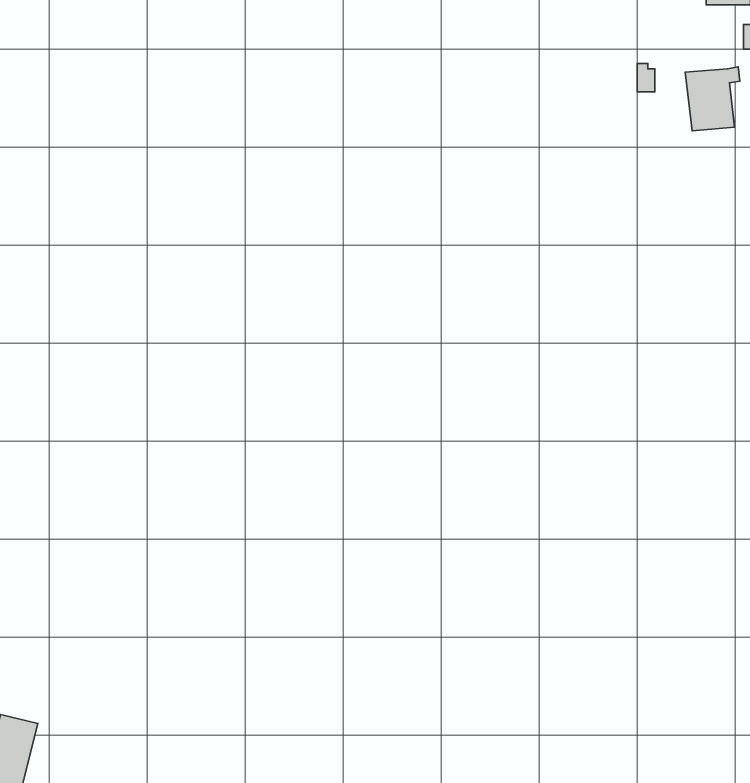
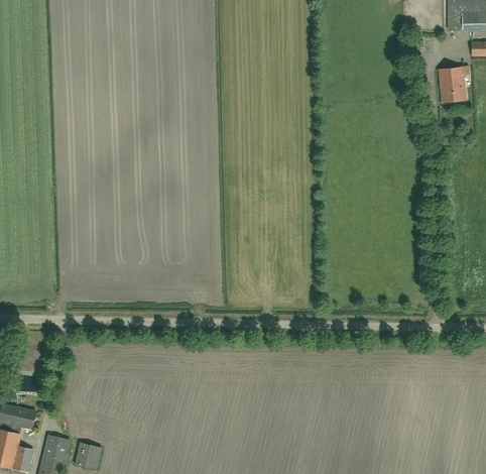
building: none -> [75,442,102,468]

